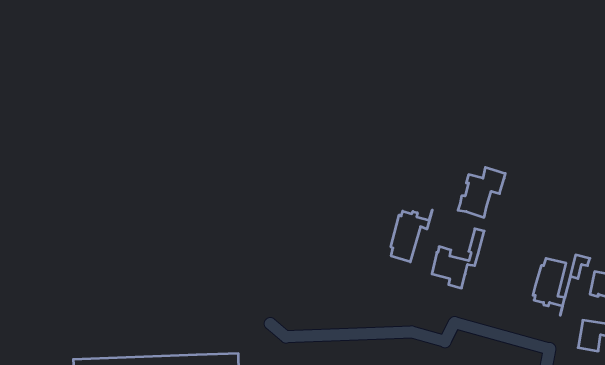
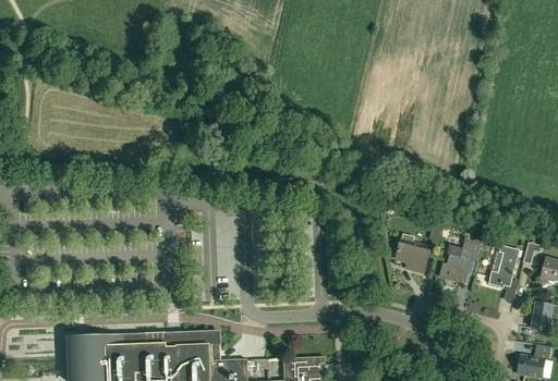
building: [458,167,505,217] -> [440,237,484,283]
building: [391,210,432,262] -> none

